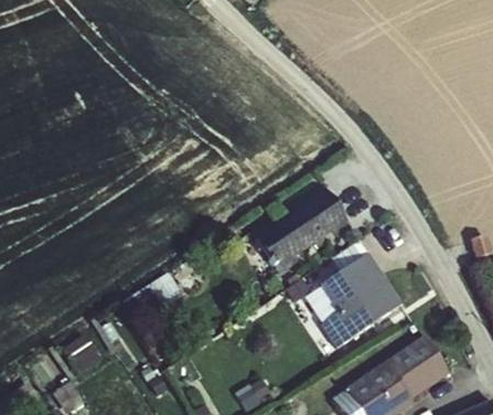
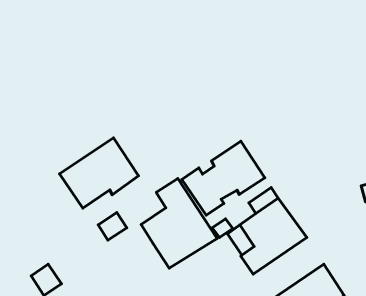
building: none -> [59,138,139,208]
building: none -> [141,178,217,268]

